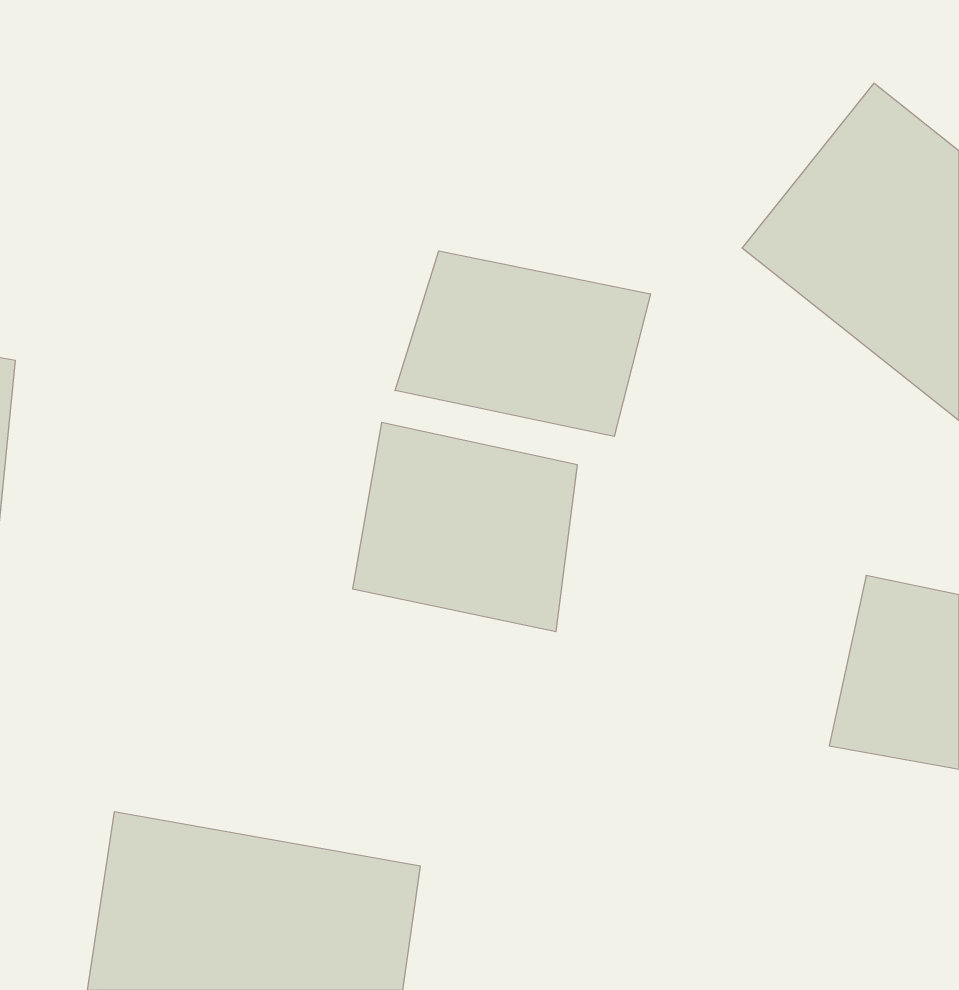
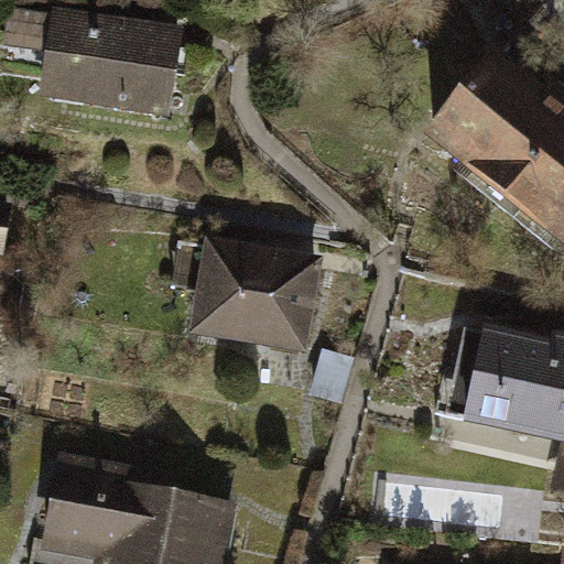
building: none -> [31,11,163,108]
building: [395,251,650,436] -> none

